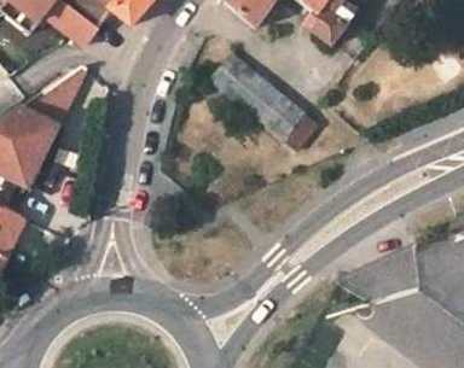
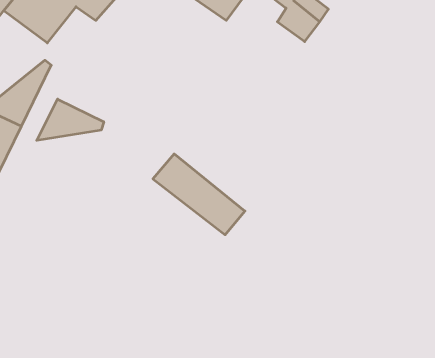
building: [213,56,302,134] -> [153,154,245,235]
building: none -> [37,99,104,140]

